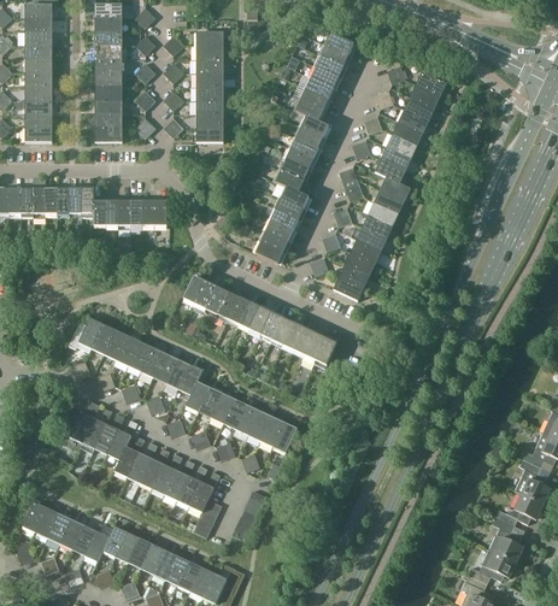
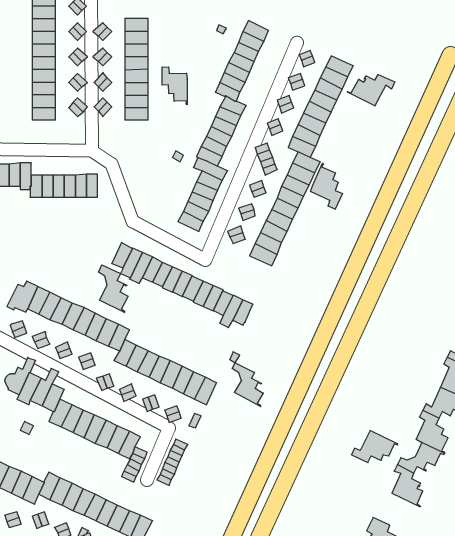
building: none -> [162,67,187,105]
building: none -> [347,75,395,106]
building: none -> [311,163,342,209]
building: none -> [98,265,128,313]
building: none -> [232,363,263,407]
building: [468,548,518,583] -> [351,431,398,463]

